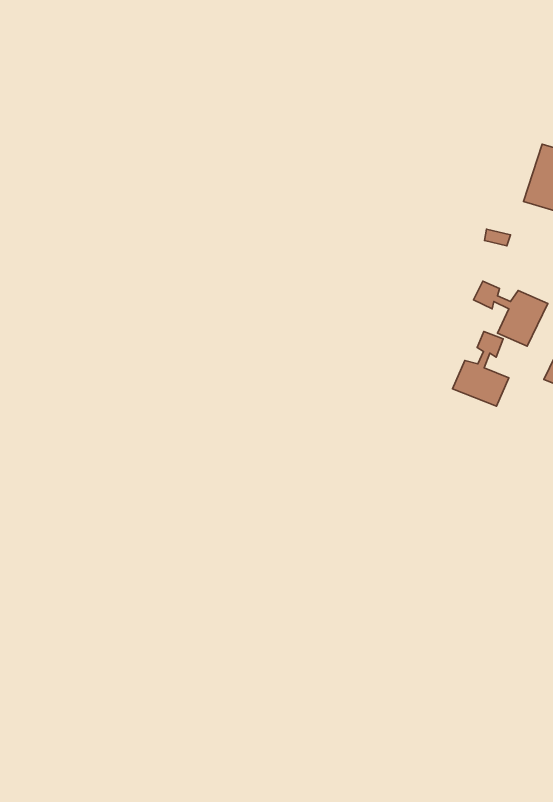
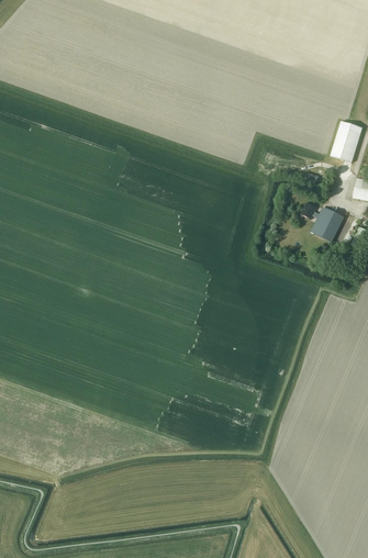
building: [453,331,509,406] -> none

